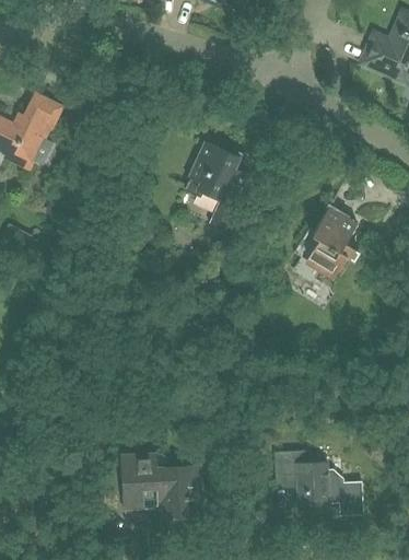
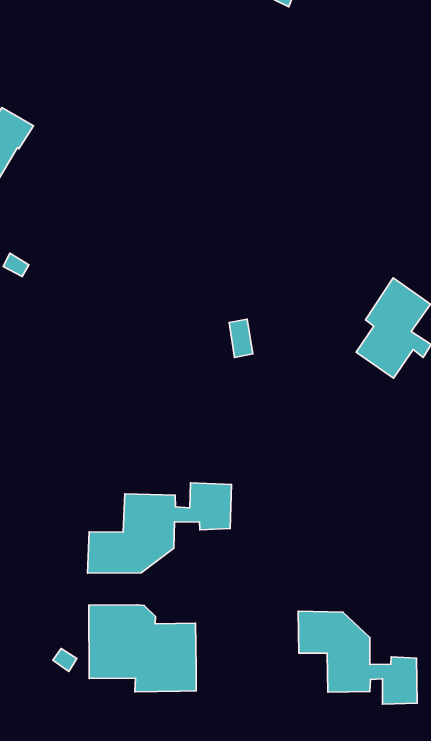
building: [187,142,250,231] -> none
building: none -> [88,483,232,573]

